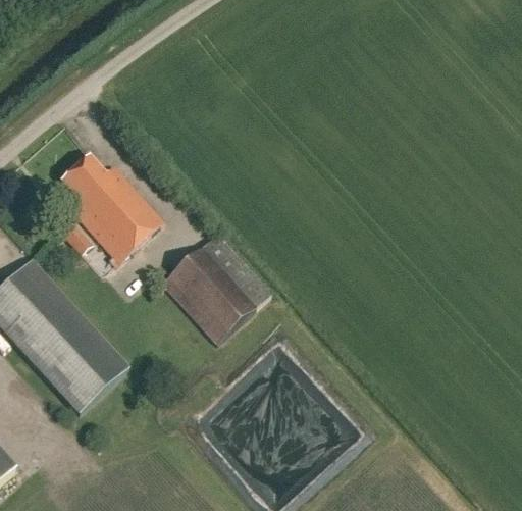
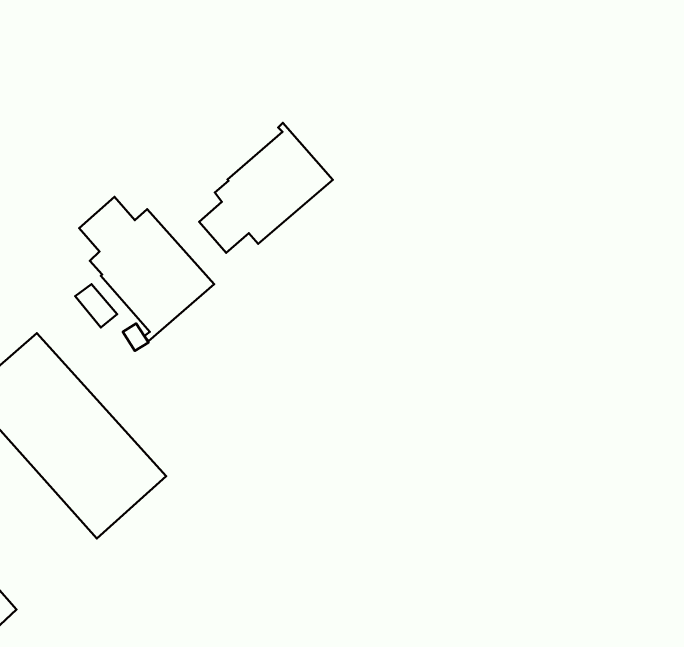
building: none -> [199,123,333,253]
building: [159,231,271,343] -> none

